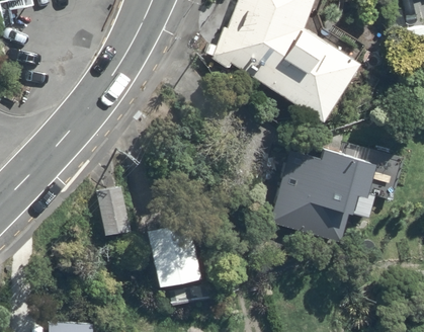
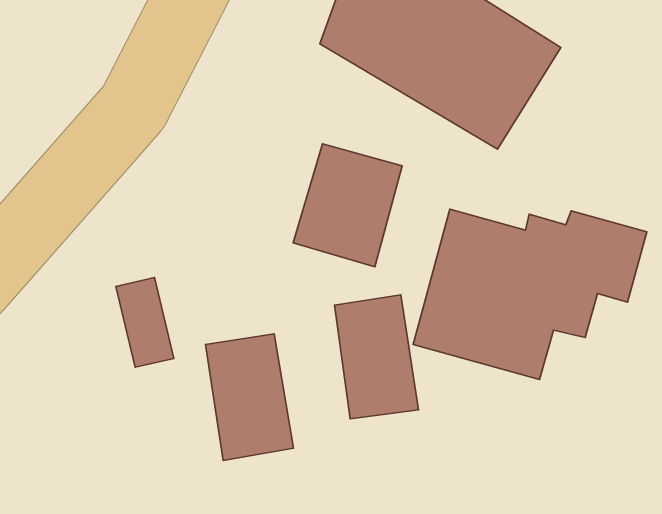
building: none -> [293,144,402,267]
building: none -> [334,295,419,419]

